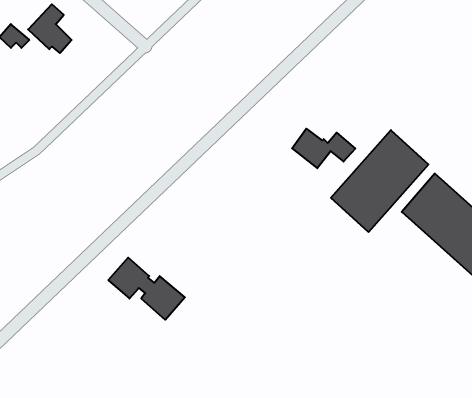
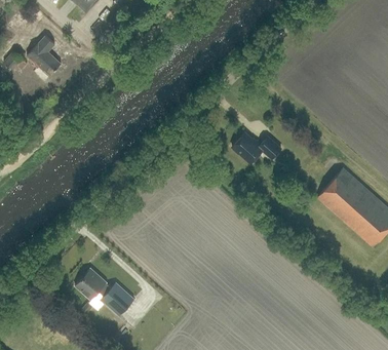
building: [331,130,428,232] -> none
building: [108,258,185,320] -> [75,268,134,316]

